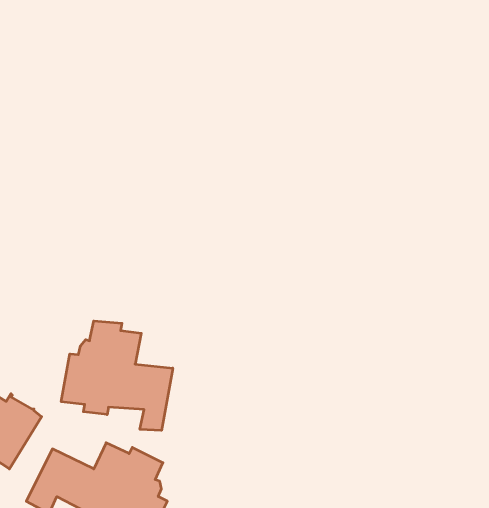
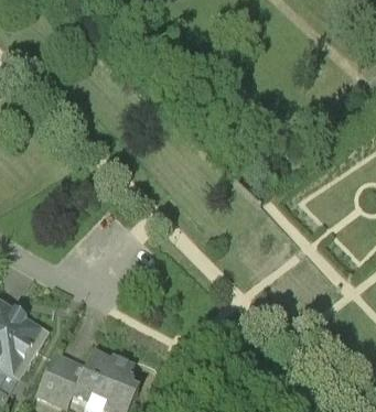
building: [61,321,173,430] -> none

